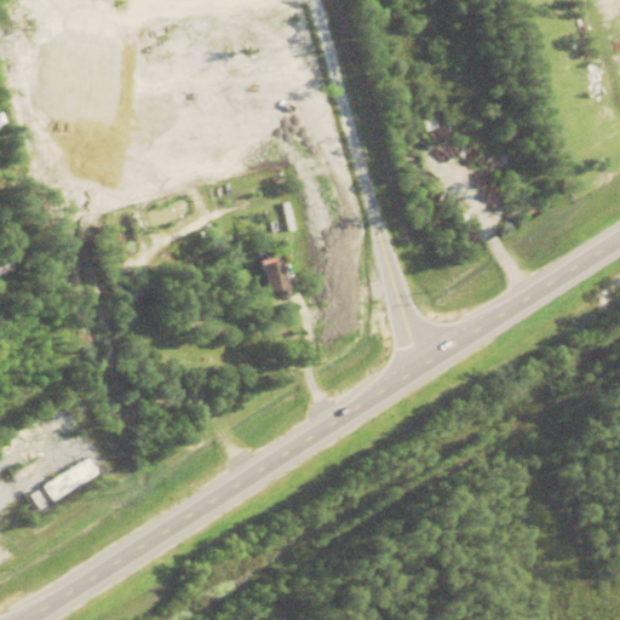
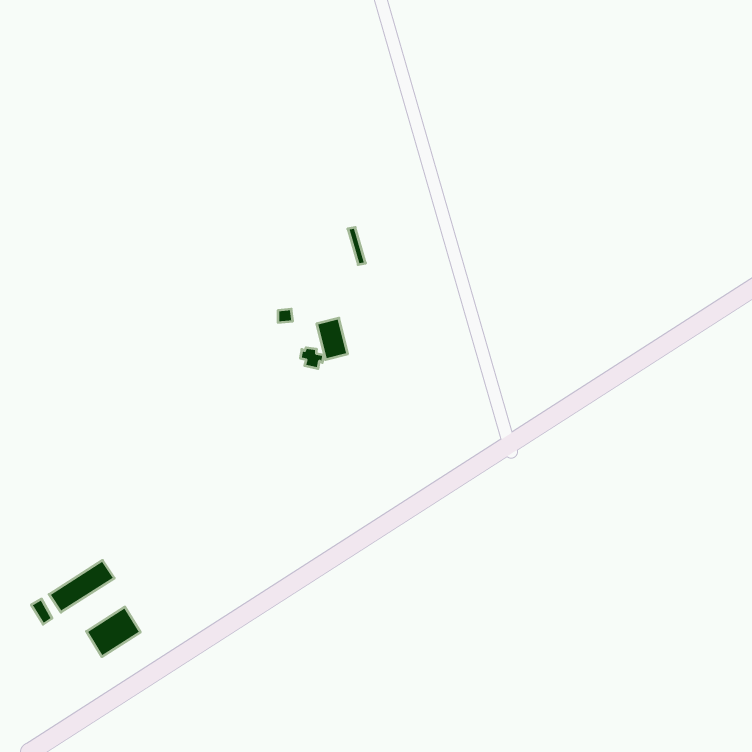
building: none -> [86,607,140,657]

